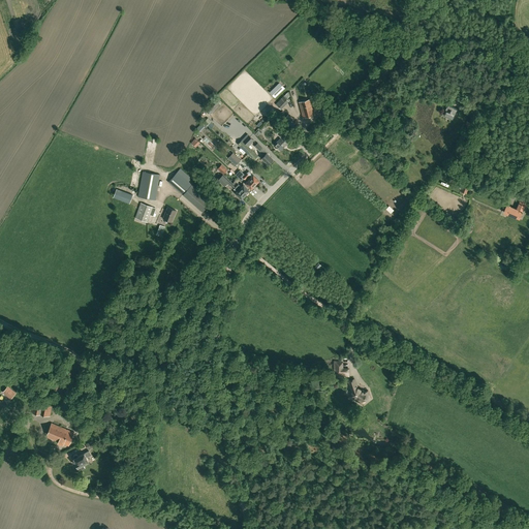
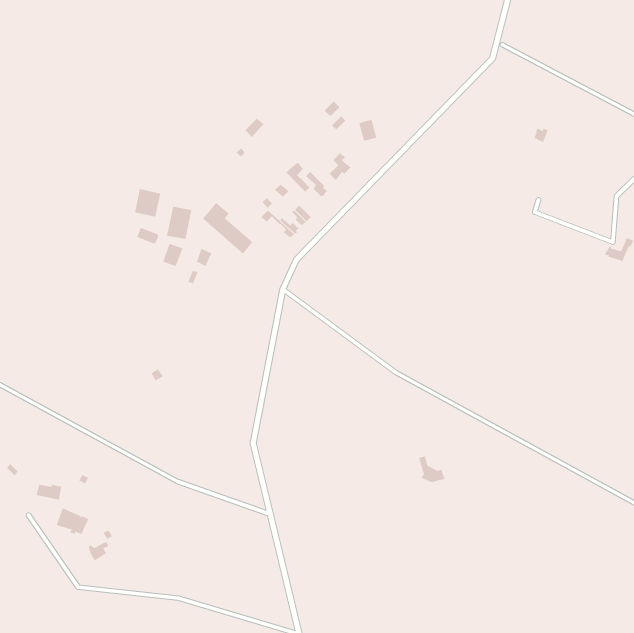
building: none -> [134,188,161,218]

